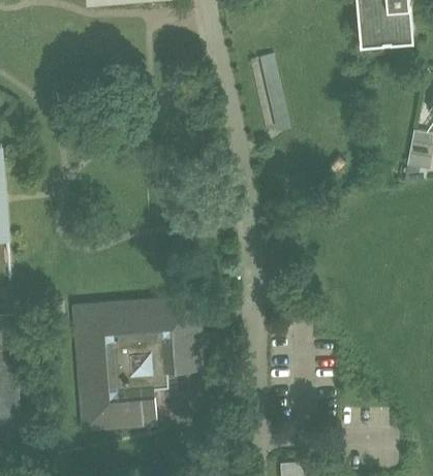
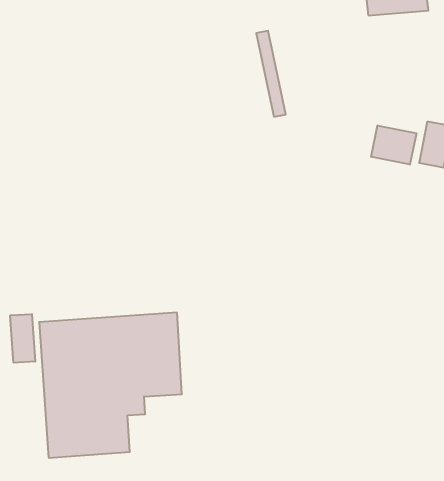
building: none -> [371,125,416,165]
building: none -> [10,314,35,363]

